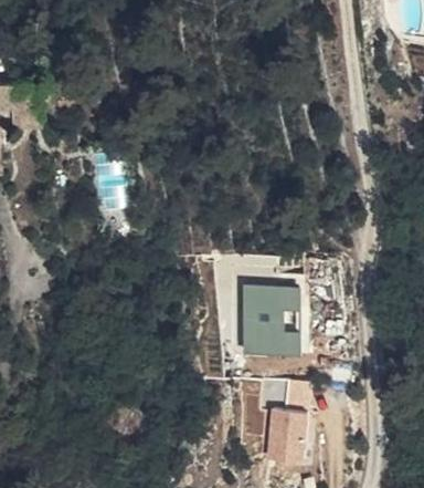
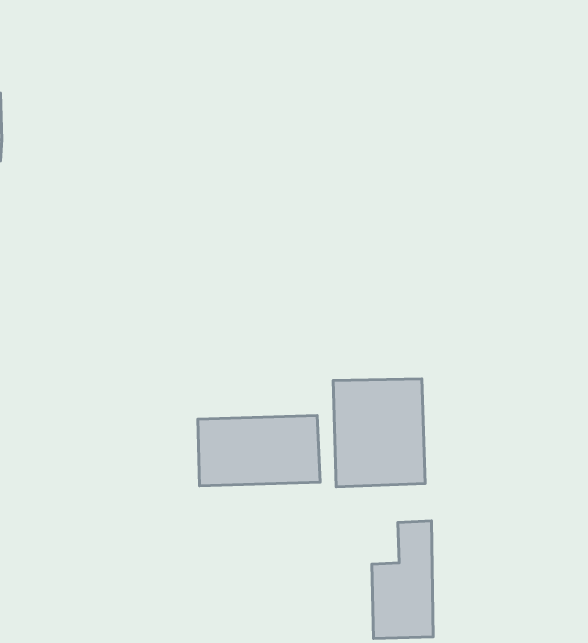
building: none -> [198,415,320,486]

